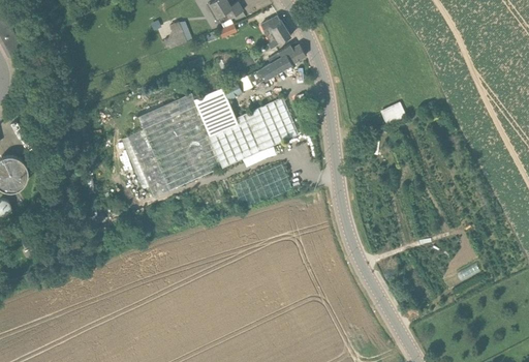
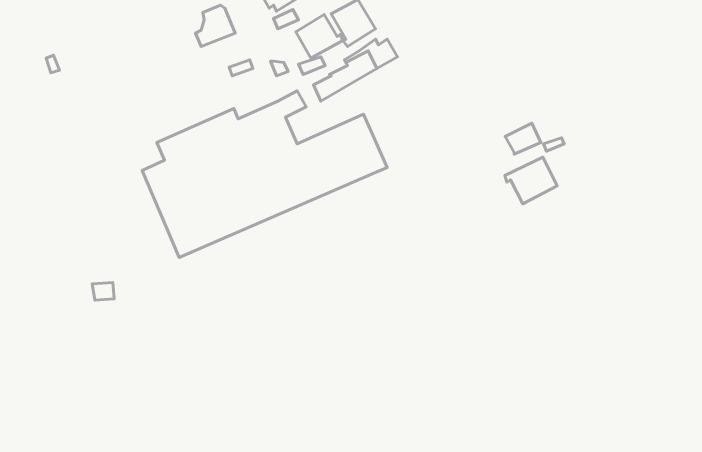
building: none -> [296,14,343,58]
building: none -> [505,157,557,204]

